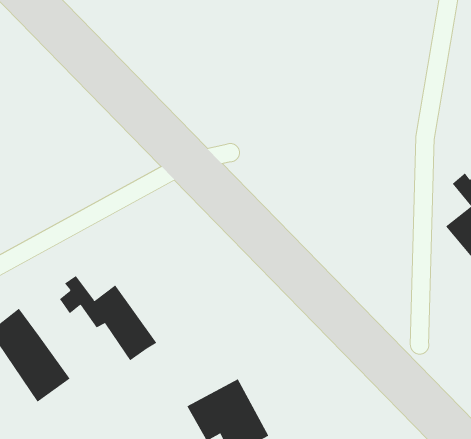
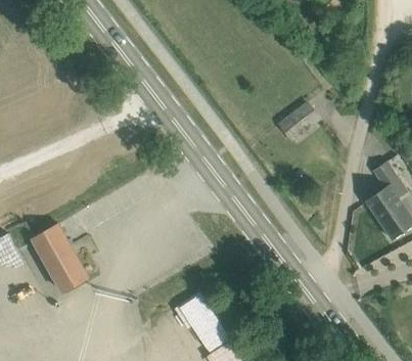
building: none -> [279,102,320,140]
building: [59,275,157,361] -> none

